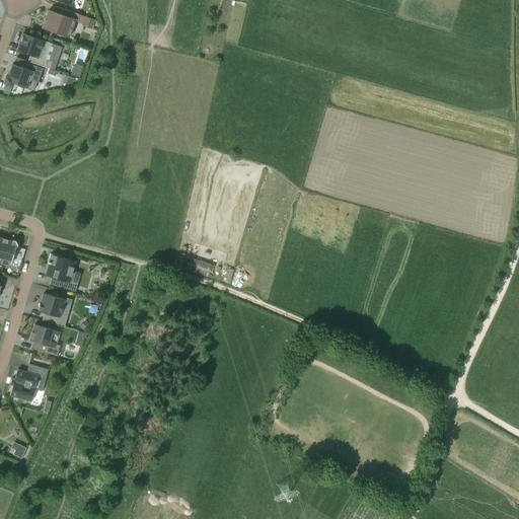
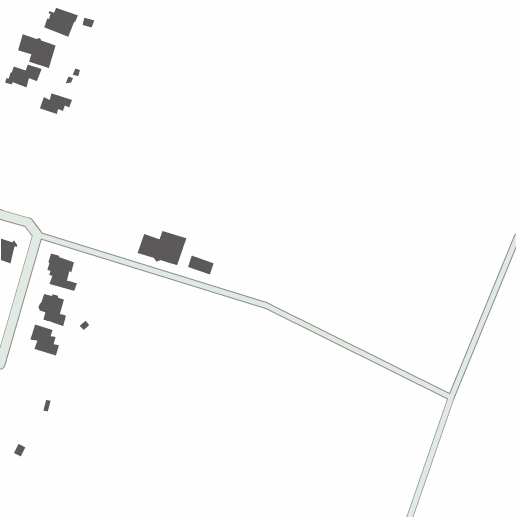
building: none -> [39,92,73,115]
building: none -> [137,230,187,266]
building: [11,370,40,401] -> none

